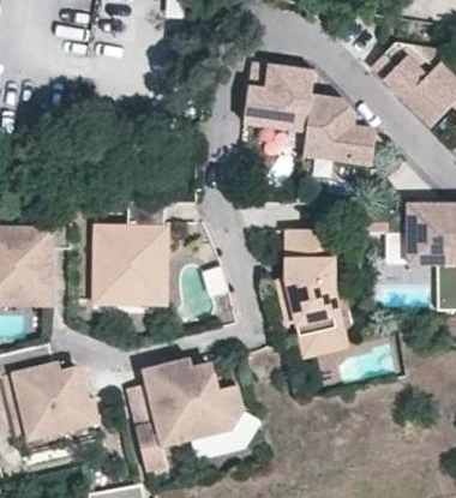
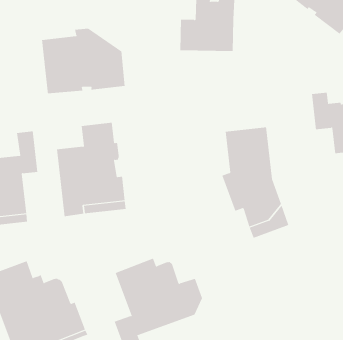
building: none -> [41,28,125,94]
building: [305,95,377,160] -> none

